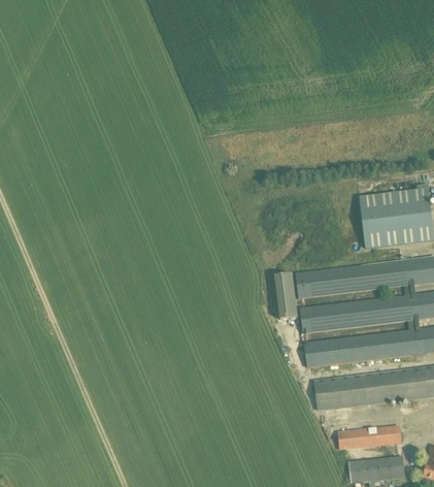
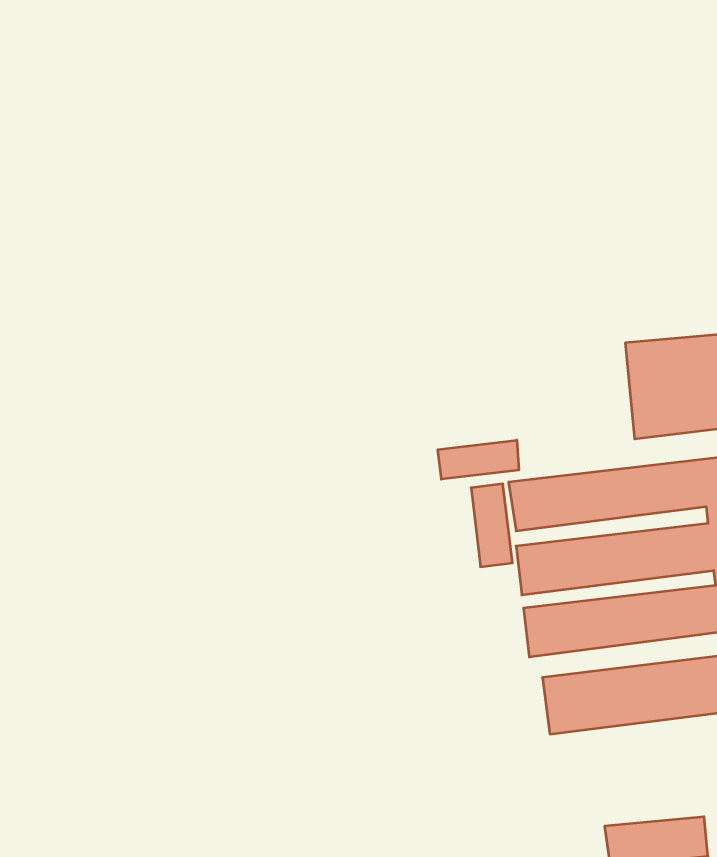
building: none -> [438,440,519,479]
building: [338,425,402,450] -> none

